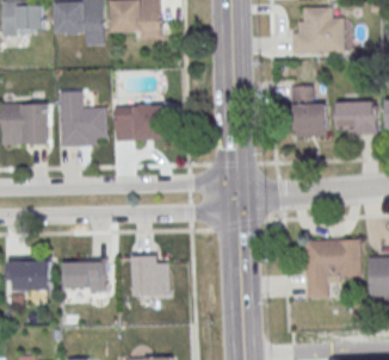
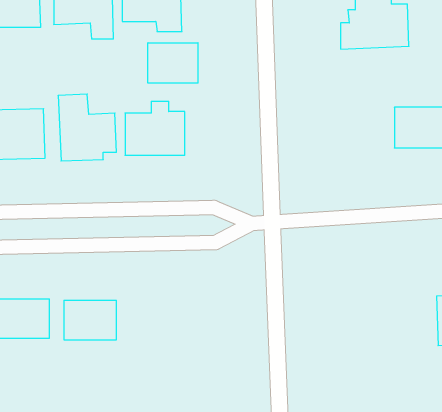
building: none -> [148,43,198,83]
building: [290,85,326,137] -> none
building: [305,238,362,298] -> none
building: [131,255,168,296] -> none

